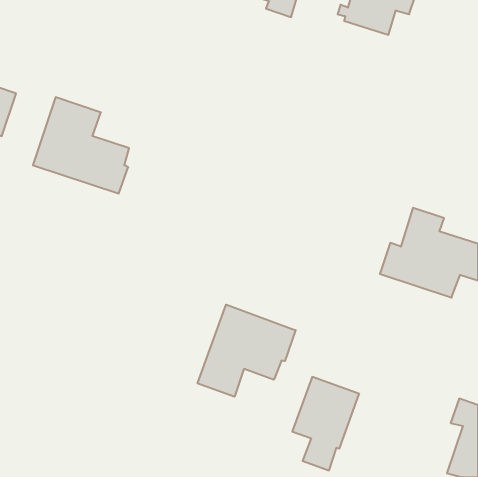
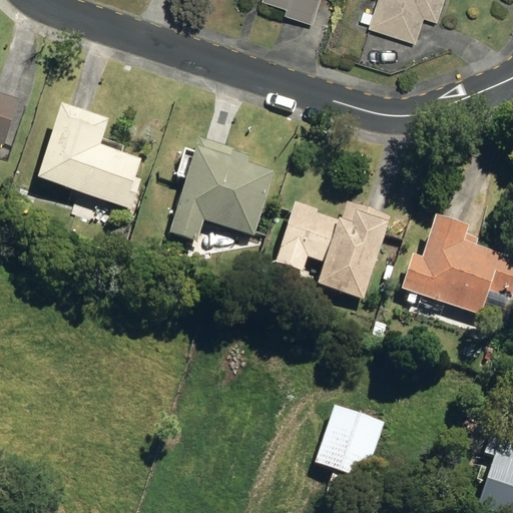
building: none -> [170,137,275,242]
building: none -> [278,200,390,301]
building: [198,305,296,397] -> none

